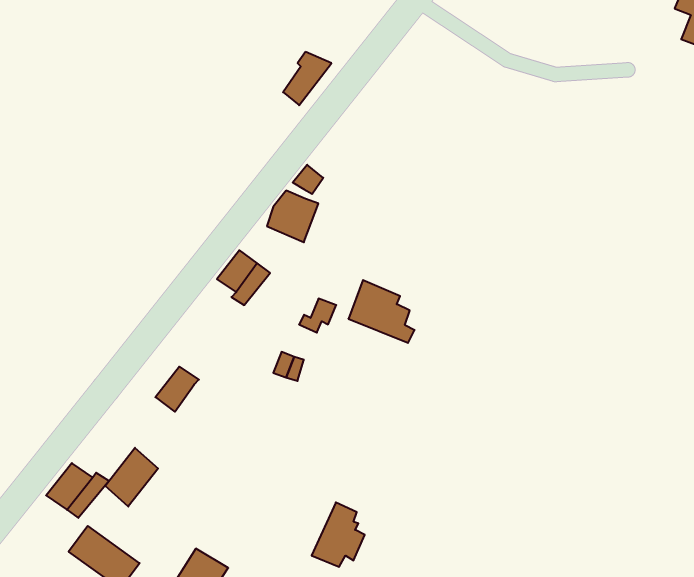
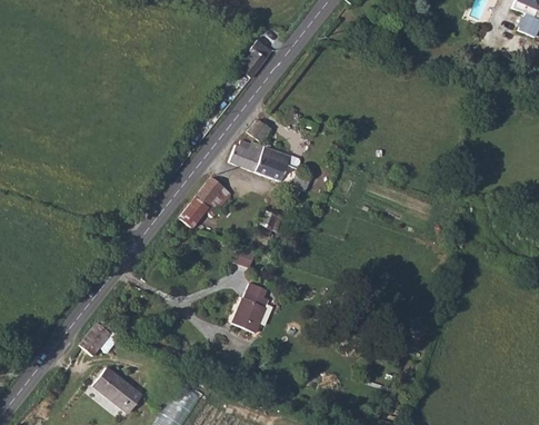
building: [348,280,415,343] -> [256,146,301,189]
building: [155,367,199,412] -> [179,198,209,229]
building: [105,448,158,507] -> none
building: [312,502,365,567] -> [234,287,271,332]

